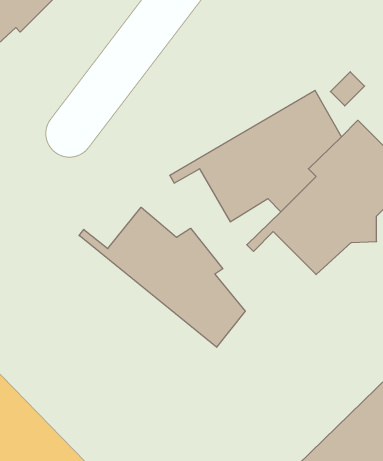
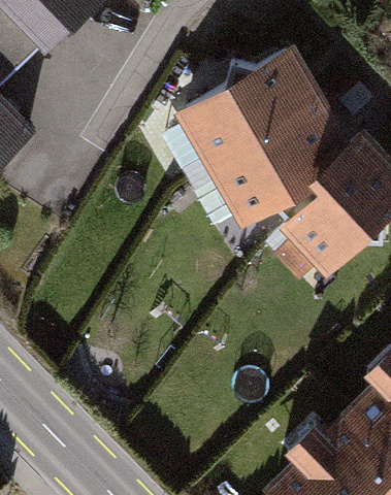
building: none -> [175,47,321,183]
building: [79,207,245,347] -> none

